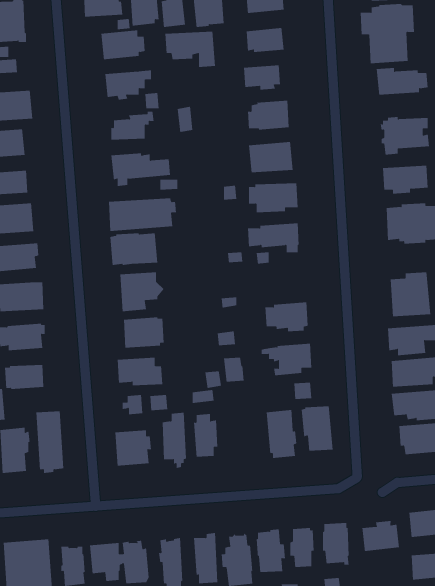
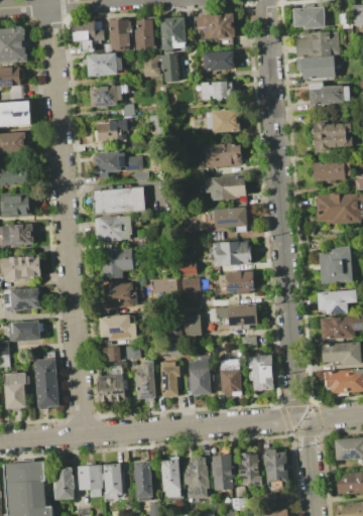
building: none -> [212,240,250,266]
building: none -> [186,360,211,395]
building: [362,520,400,552] -> none

